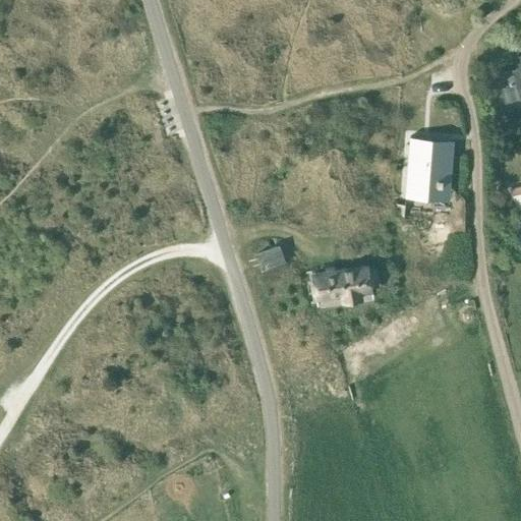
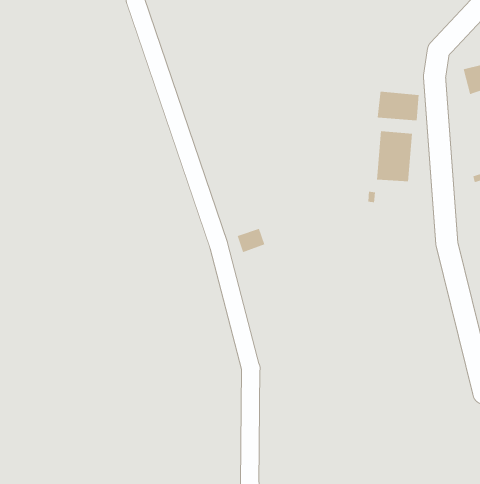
building: none -> [374,91,420,122]
building: [315,268,374,302] -> none

